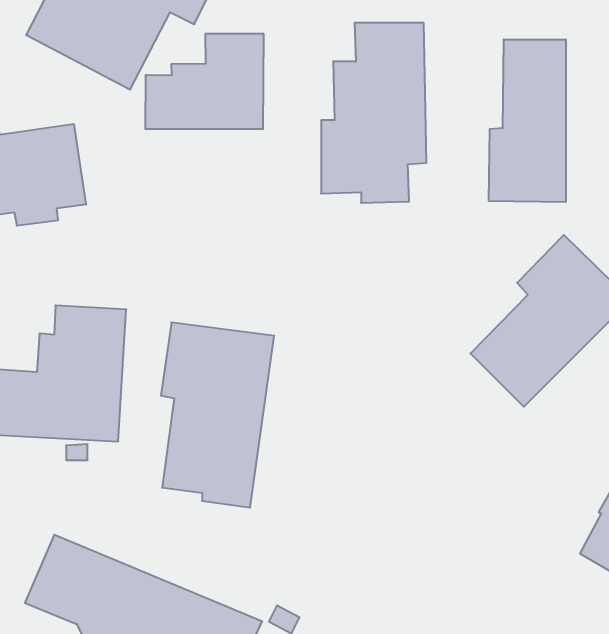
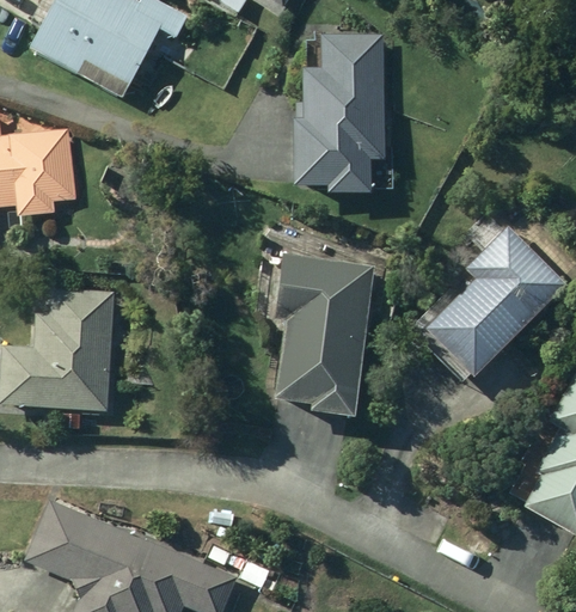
building: [146,34,264,129] -> none
building: [489,39,566,202] -> none
building: [161,322,274,508] -> [272,255,374,421]

